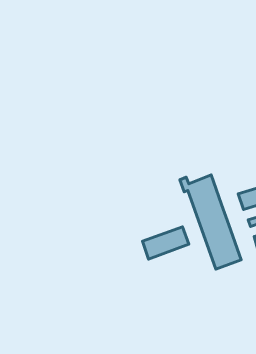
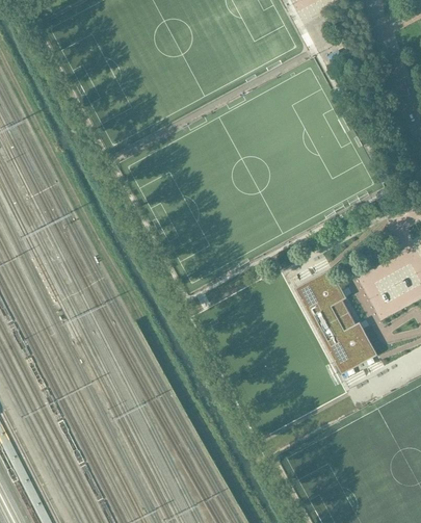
building: [143,227,189,259] -> none

